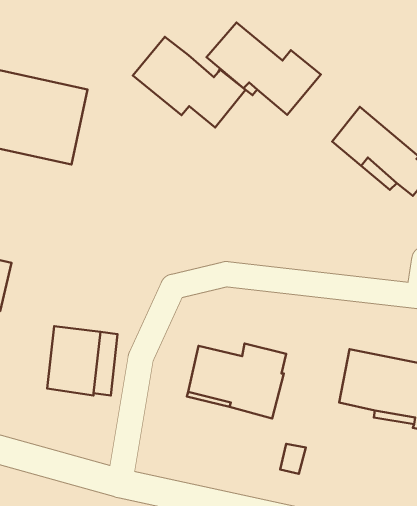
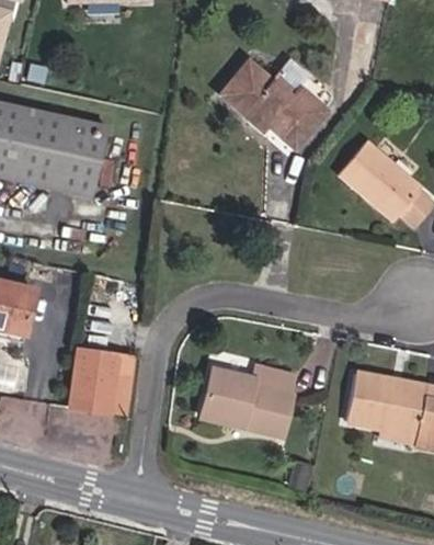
building: [133,37,245,127] -> none

